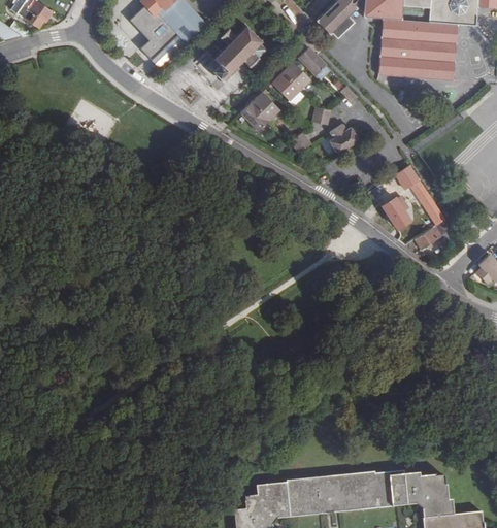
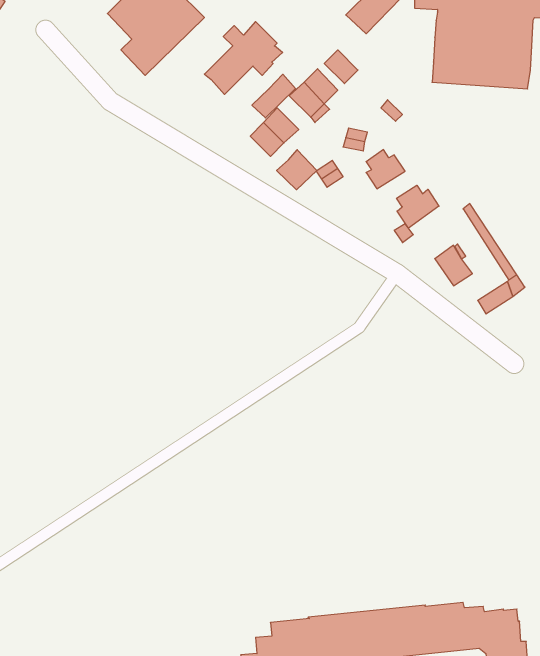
building: none -> [252,74,296,118]
building: none -> [277,150,317,190]
building: none -> [397,185,439,228]

